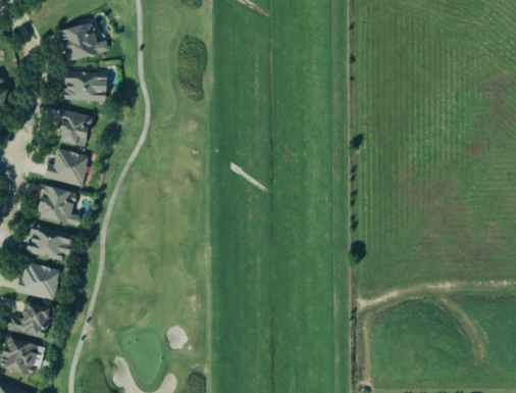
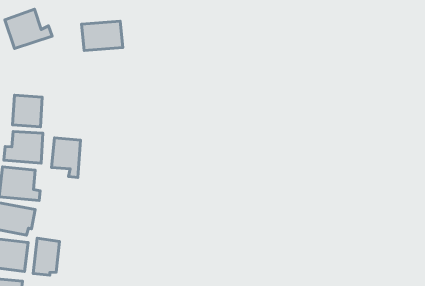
building: [64,71,106,101] -> [81,21,123,51]
building: none -> [52,138,81,178]
building: none -> [33,238,59,275]

